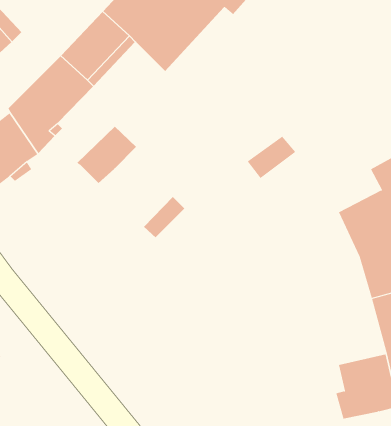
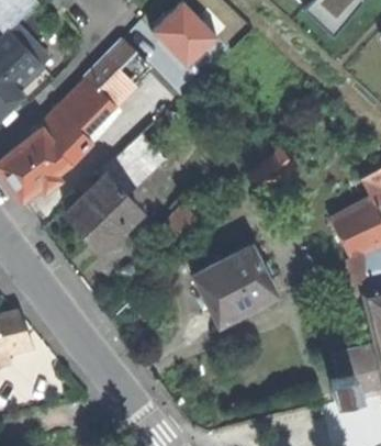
building: none -> [66,177,139,250]
building: none -> [194,245,278,326]

